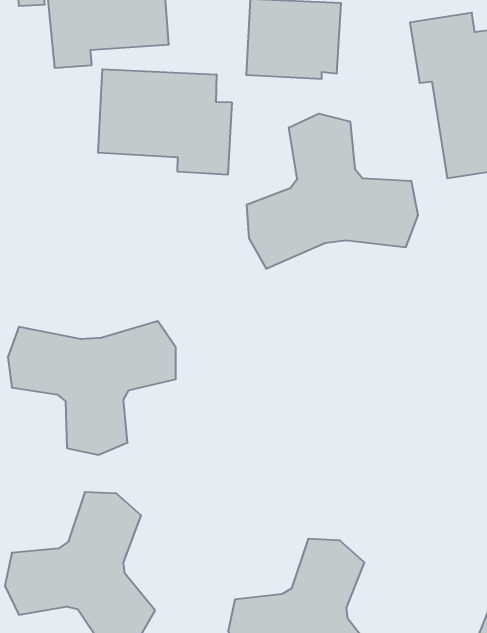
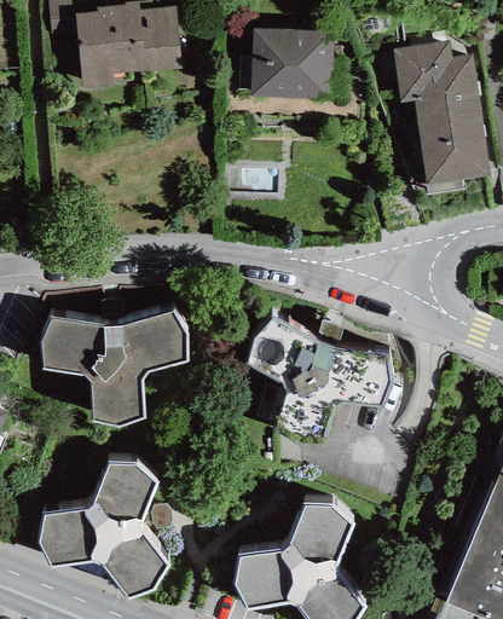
building: [98,69,232,175] -> none
building: [247,114,418,269] -> none
building: none -> [245,317,392,444]

